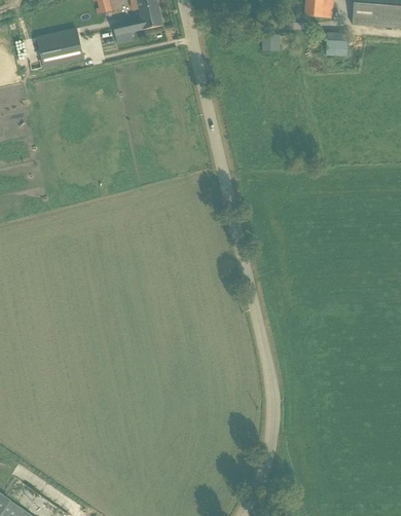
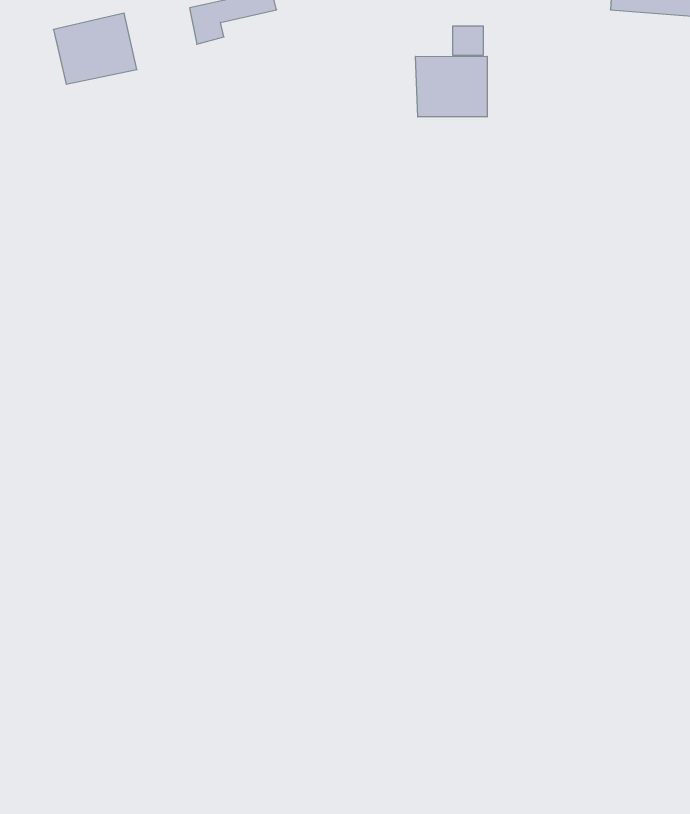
building: [327,33,348,54] -> none
building: none -> [416,56,487,117]

